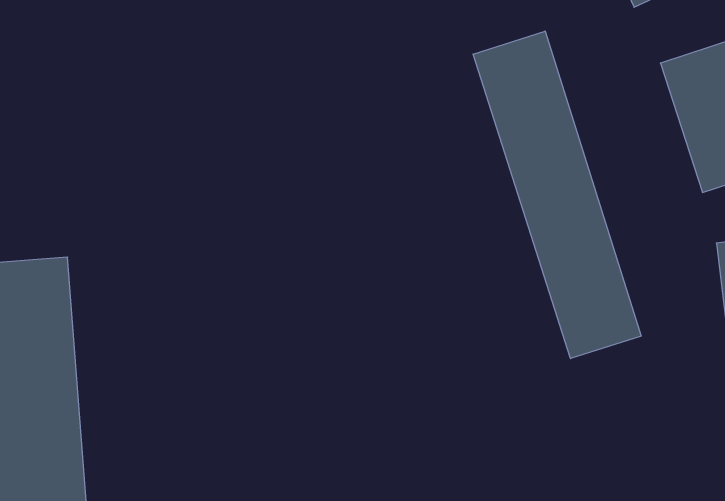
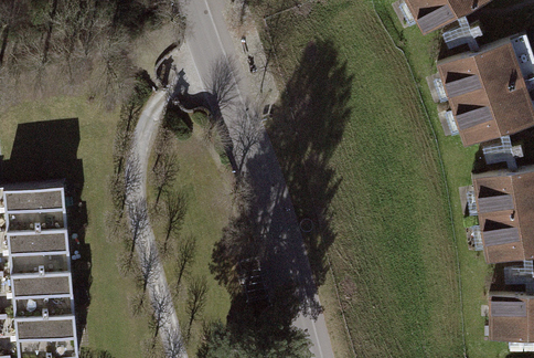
building: [473,31,641,359] -> none

